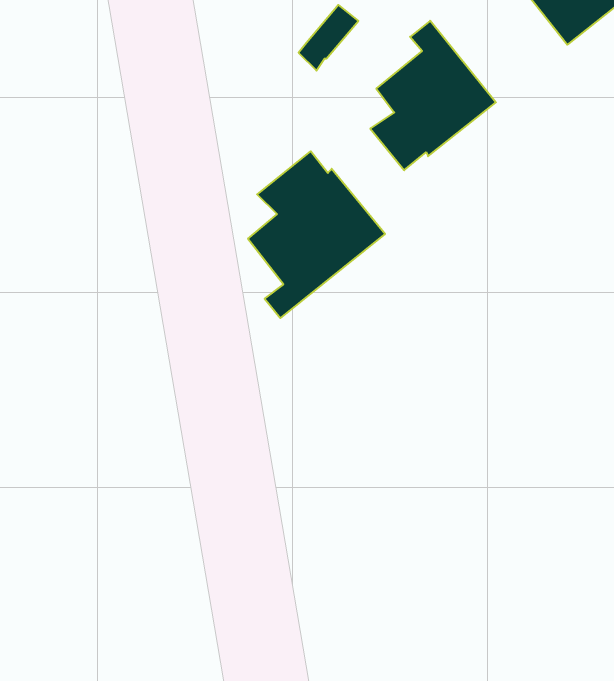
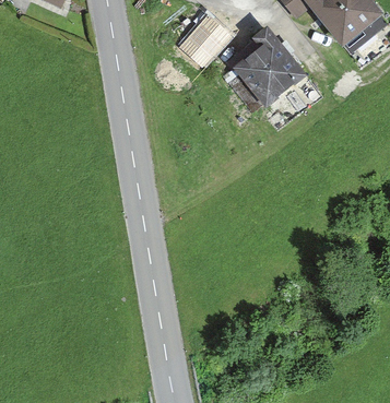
building: [248,151,385,318] -> none

